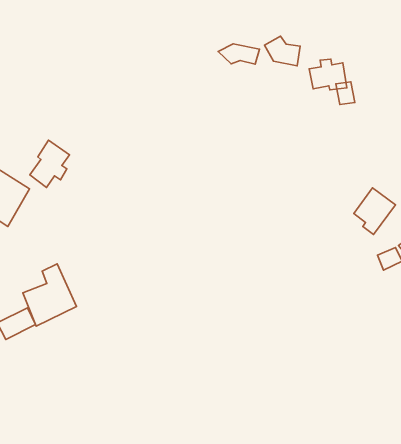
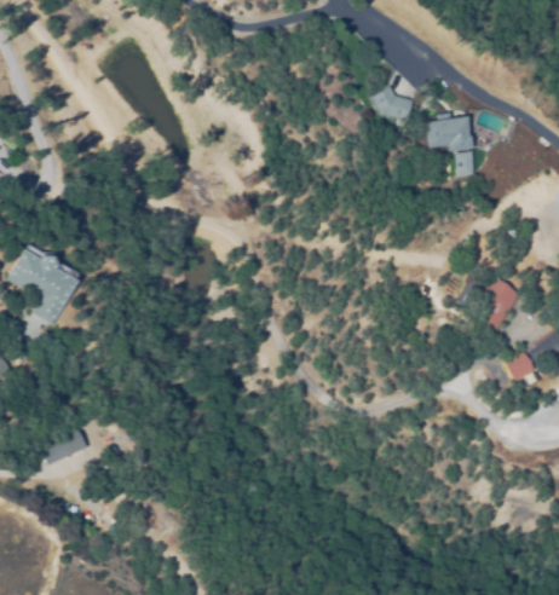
building: [218,44,259,64] -> none
building: [30,140,69,188] -> none
building: [23,264,76,326] -> none

